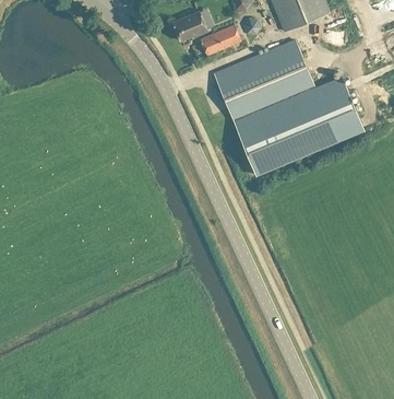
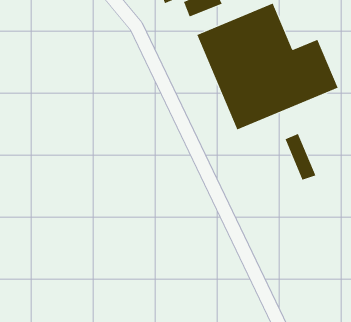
building: none -> [285,133,316,180]

